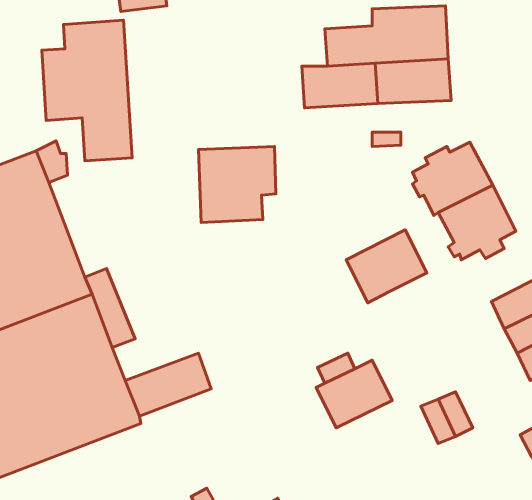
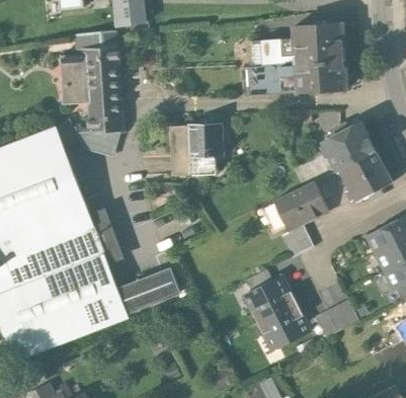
building: none -> [280,225,313,256]
building: none -> [265,302,319,348]

